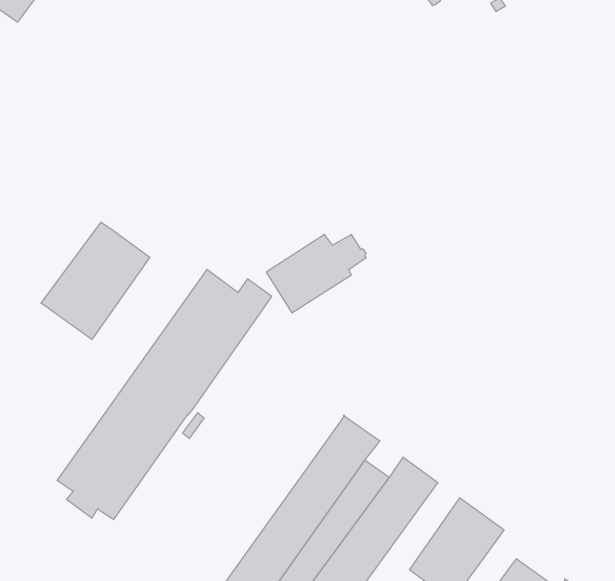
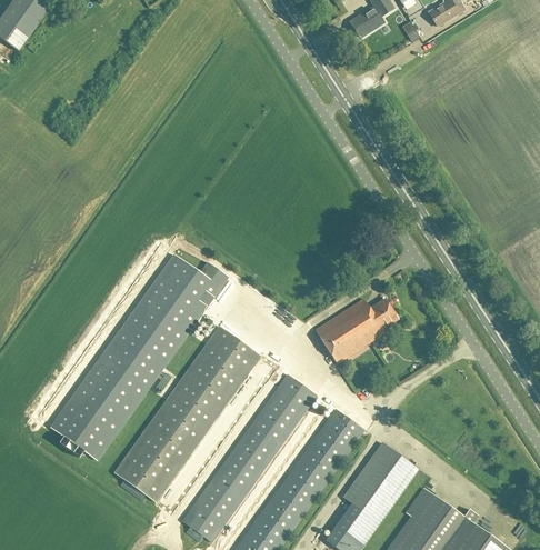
building: [41,222,150,339] -> none
building: [266,234,366,313] -> [314,299,397,363]
building: none -> [113,326,260,502]

